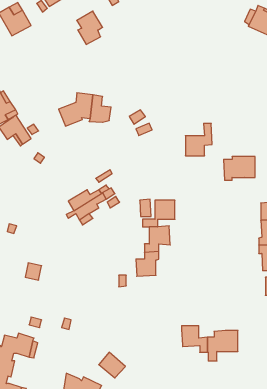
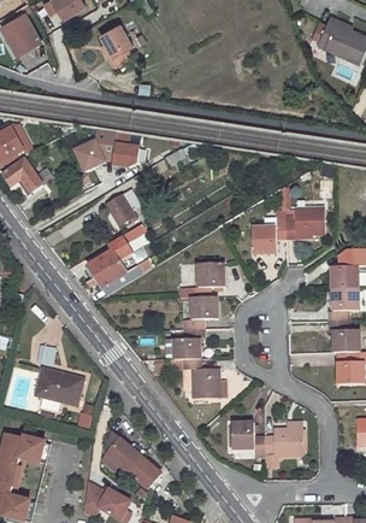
building: [185,123,212,156] -> [252,212,285,253]
building: none -> [106,192,140,227]
building: none -> [167,359,218,399]
building: none -> [35,371,82,406]
building: none -> [102,434,140,472]

